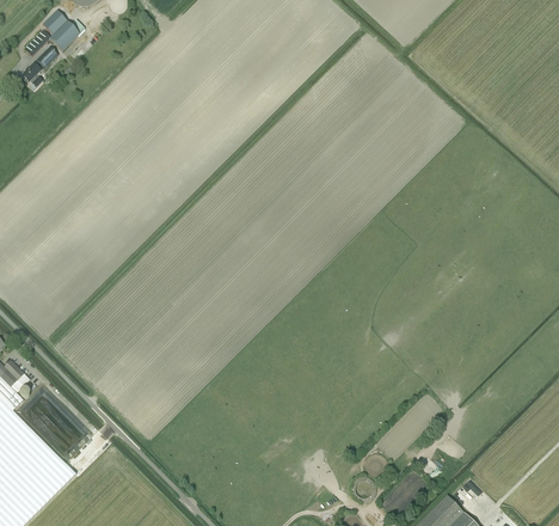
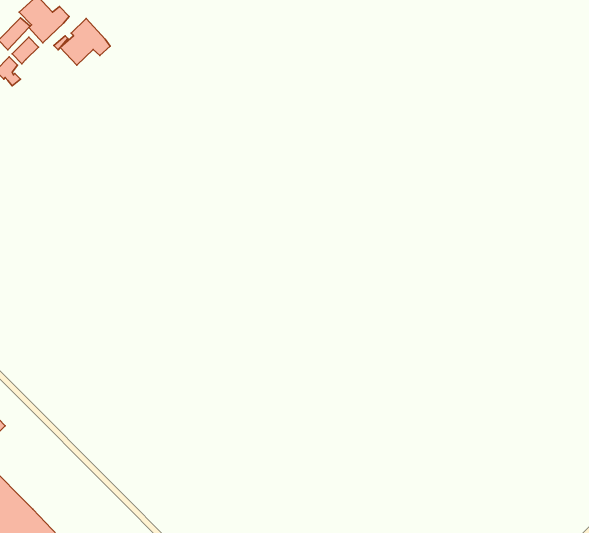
building: none -> [60,19,110,65]

